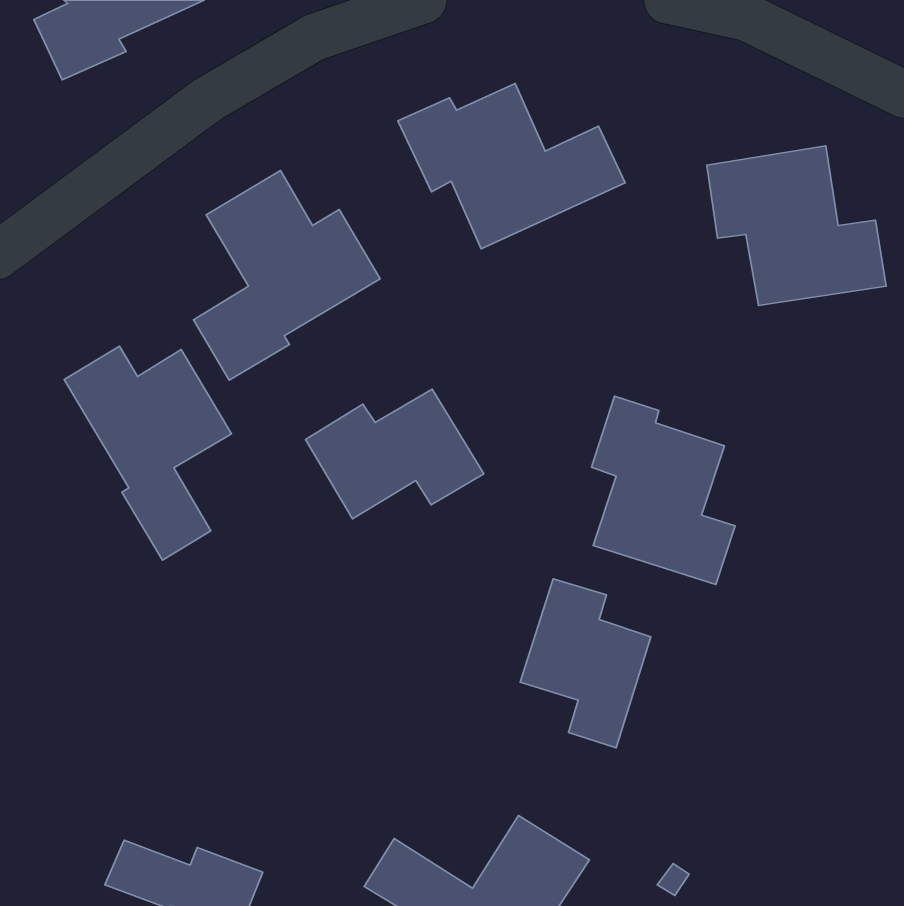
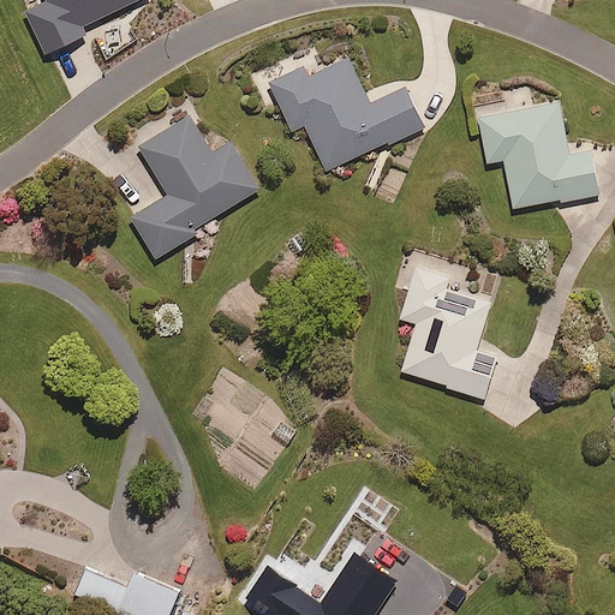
building: [64,346,231,560] -> none
building: [305,389,484,519] -> none
building: [520,579,651,748] -> none

